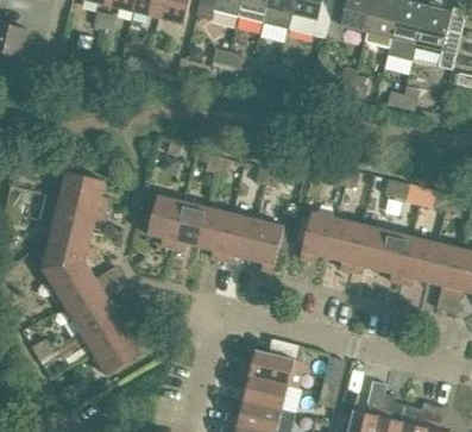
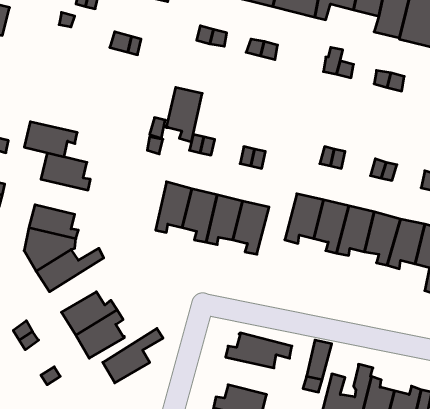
building: [146,194,182,248] -> [166,87,202,142]
building: [52,198,105,232] -> [24,122,77,157]
building: [67,275,126,328] -> [103,328,163,383]
building: [238,372,288,409] -> none

